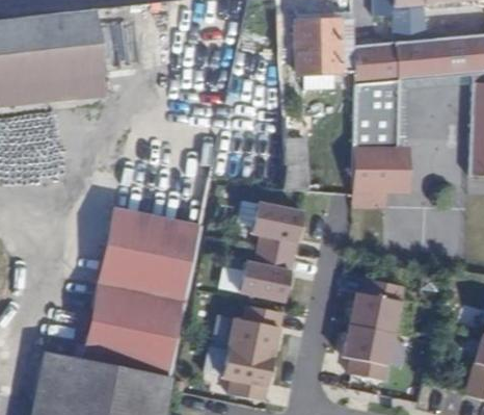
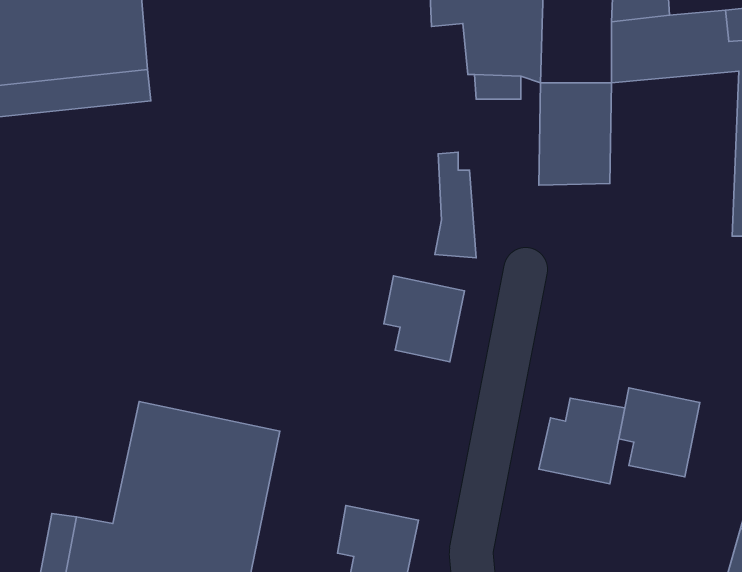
building: [350,43,395,81] -> none
building: [349,145,405,207] -> none
building: [98,207,201,301] -> none
building: [239,250,293,301] -> none
building: [227,306,283,357] -> none
building: [343,325,394,381] -> [619,388,700,477]

